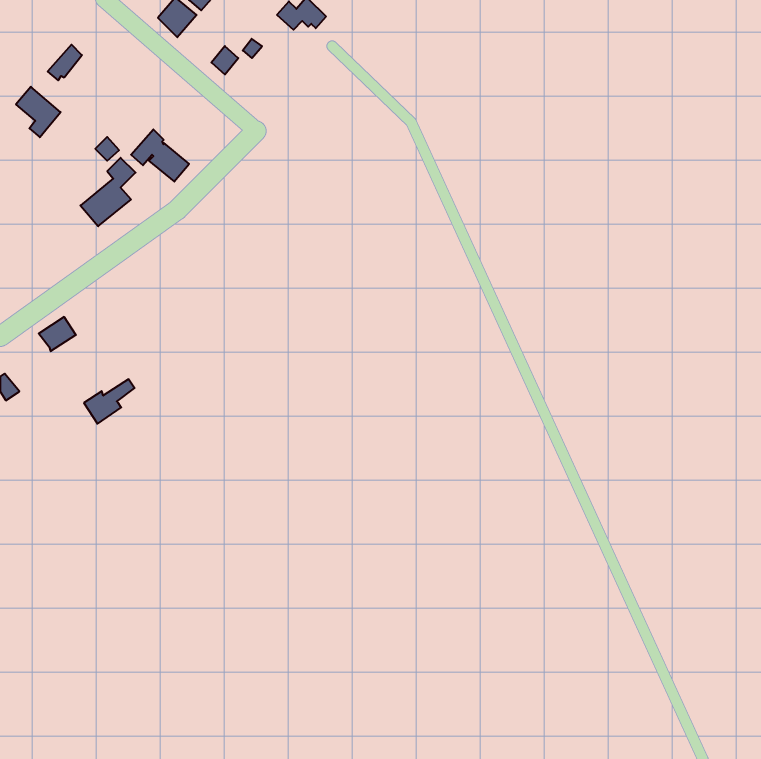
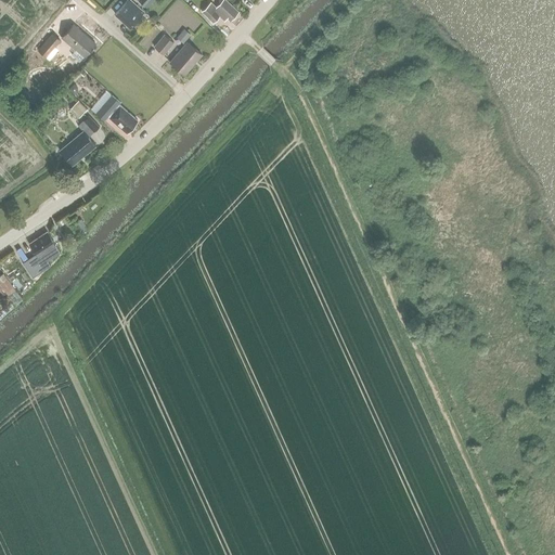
building: none -> [170,42,201,74]
building: [16,87,61,137] -> [62,24,94,61]
building: [84,379,135,424] -> [23,244,60,276]

